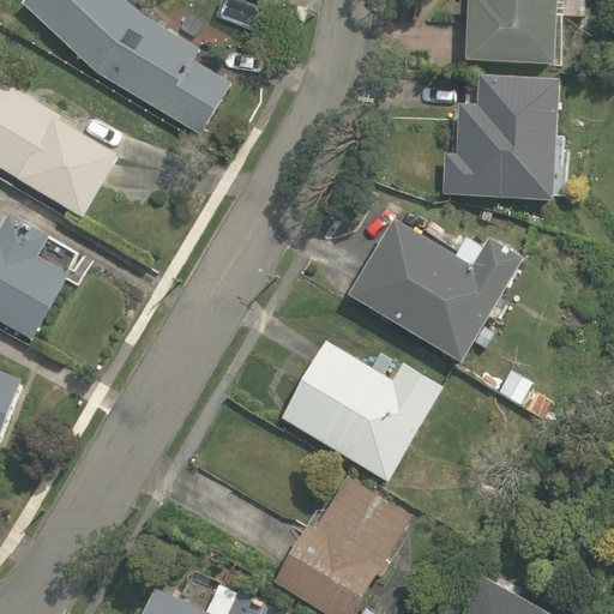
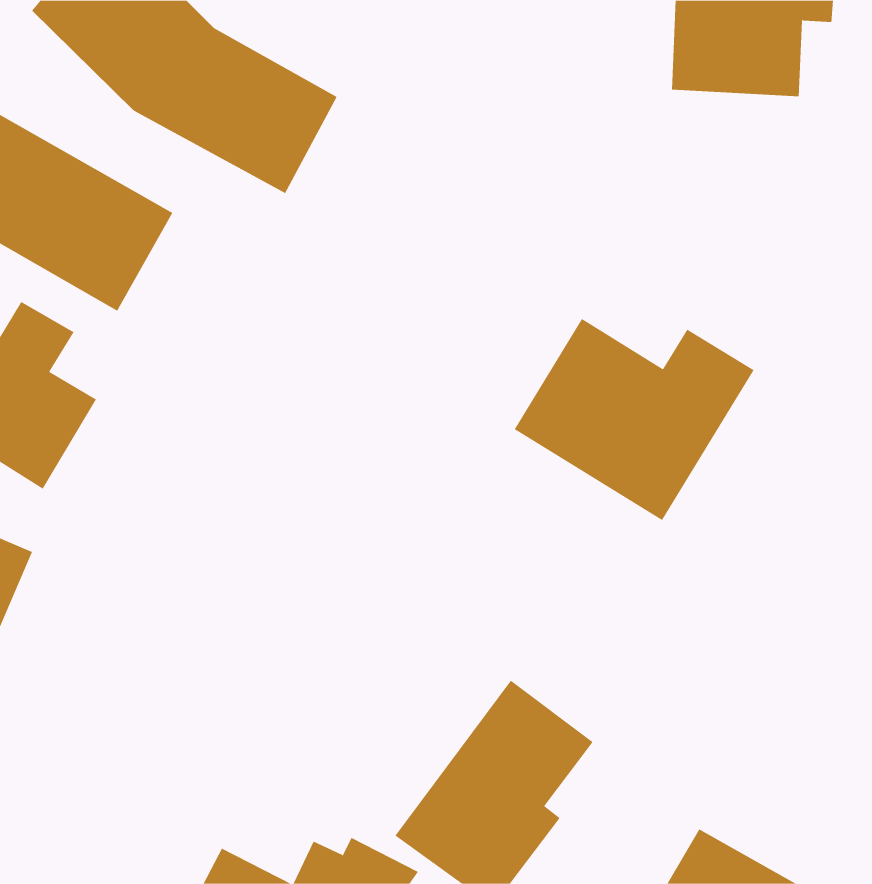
building: [438,72,560,201] -> none
building: [281,341,445,482] -> none

